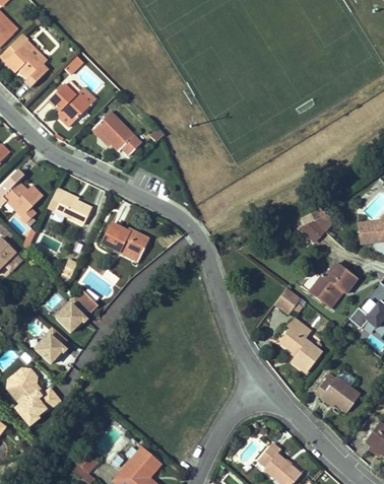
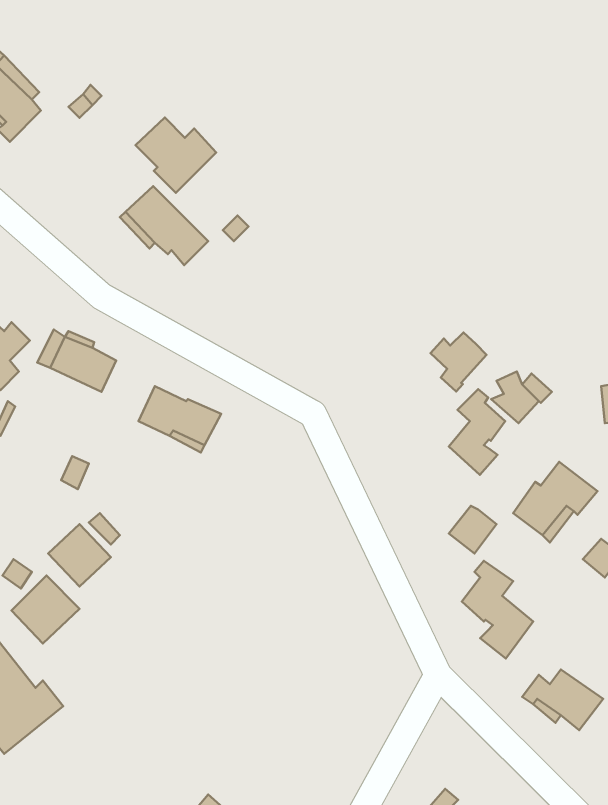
building: [48,84,92,126] -> [135,117,216,193]
building: none -> [430,332,487,391]
building: none -> [449,389,505,475]

